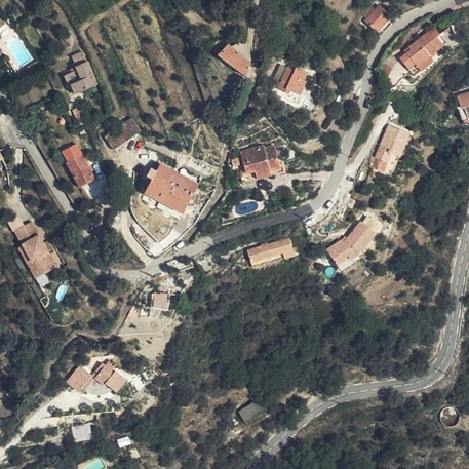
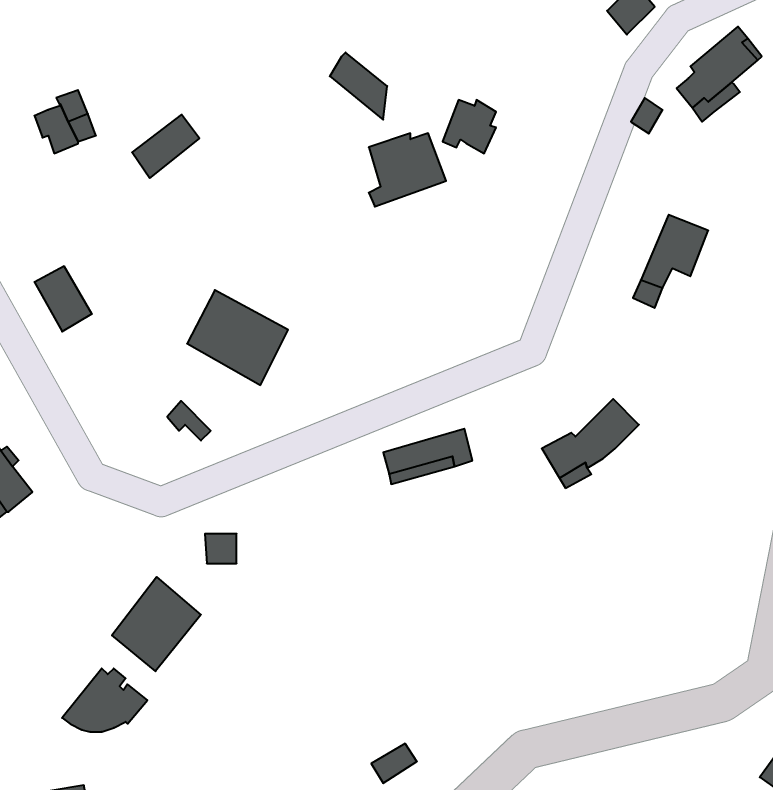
building: [104,115,139,148] -> [132,115,199,178]
building: [241,147,281,185] -> [369,133,446,207]
building: none -> [112,577,201,671]

